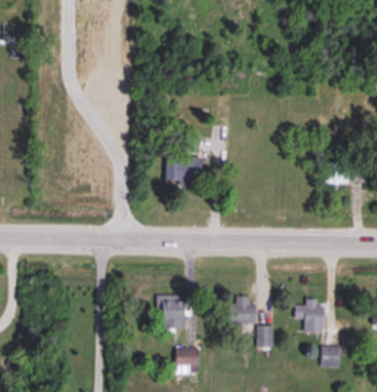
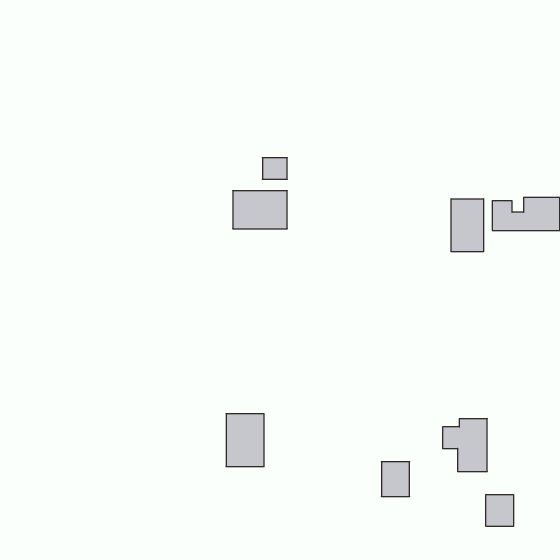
building: none -> [451,199,484,252]
building: [229,298,255,324] -> none
building: [176,348,199,369] -> none

